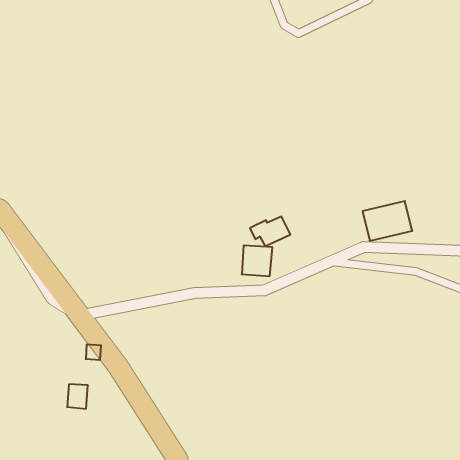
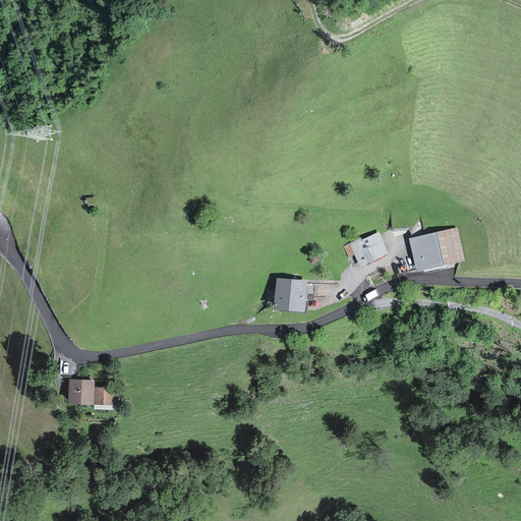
building: [250,216,290,246] -> [342,232,388,266]
building: [67,384,88,409] -> [68,380,92,407]

